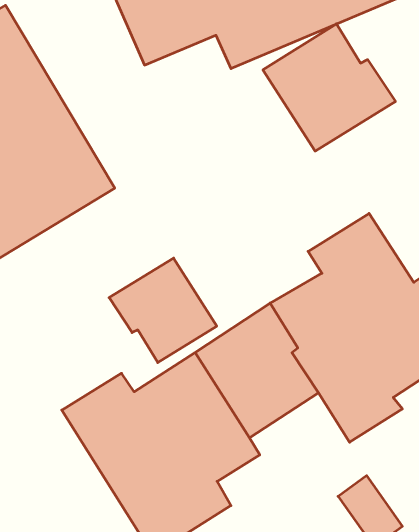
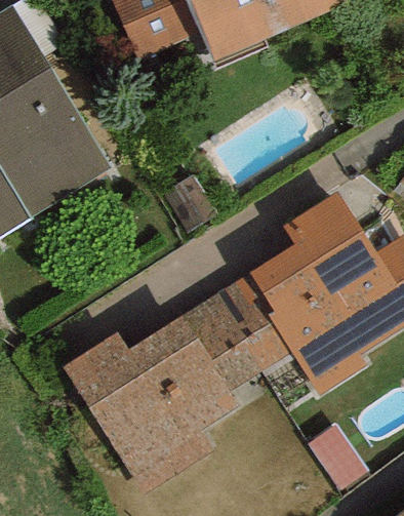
building: [263,24,395,151] -> none
building: [109,258,217,363] -> none

